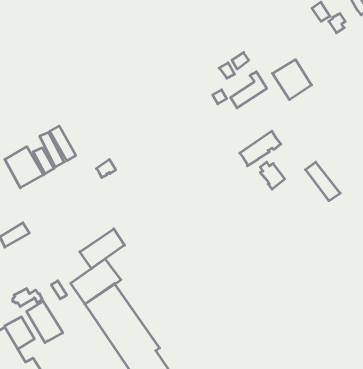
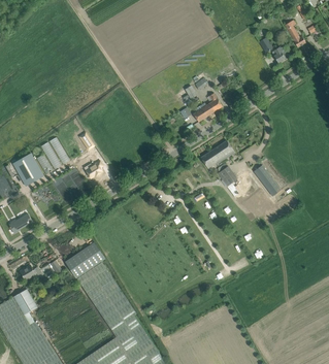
building: [272,60,312,100] -> none
building: [80,229,125,269] -> none
building: [27,301,63,343] -> none

